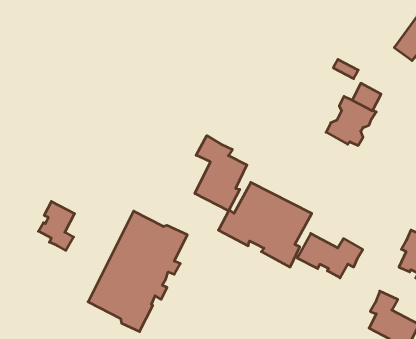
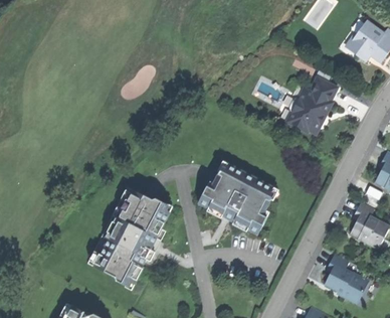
building: [195,136,247,211] -> none
building: [38,201,75,250] -> none
building: [297,233,363,278] -> none

